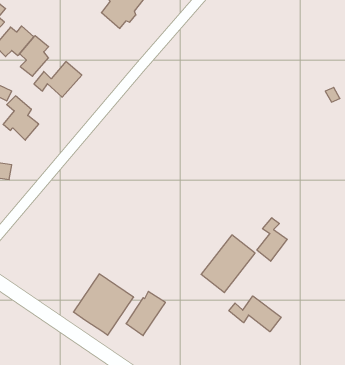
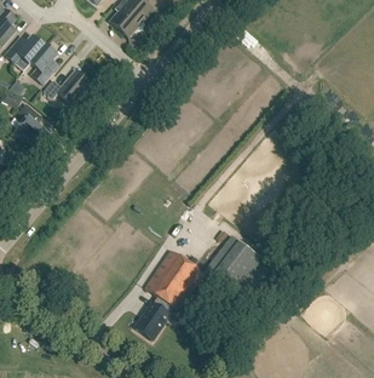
building: [257,218,287,261] -> none
building: [73,274,134,335] -> [145,250,205,310]
building: [229,296,281,332] -> none

